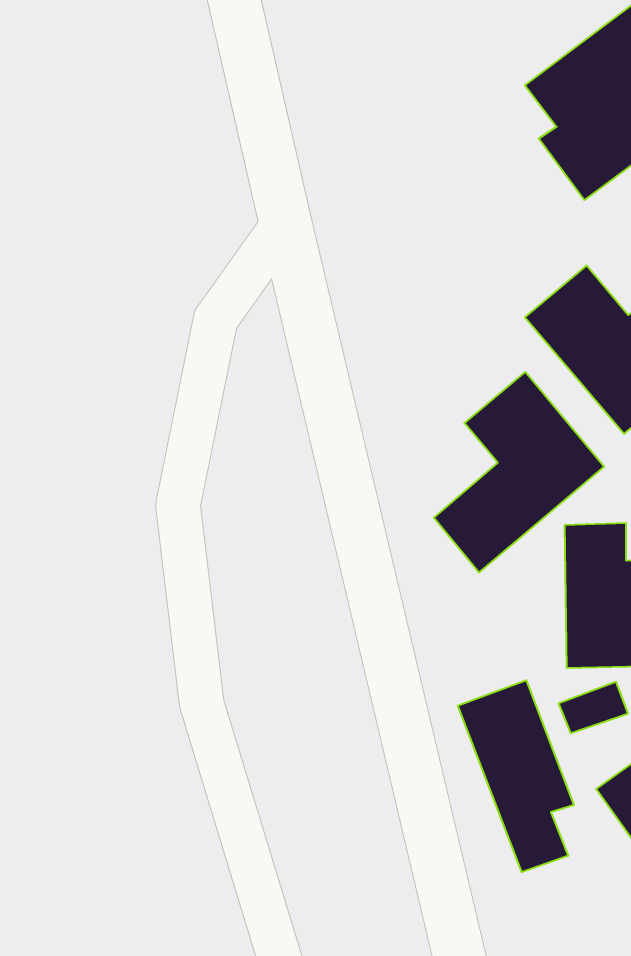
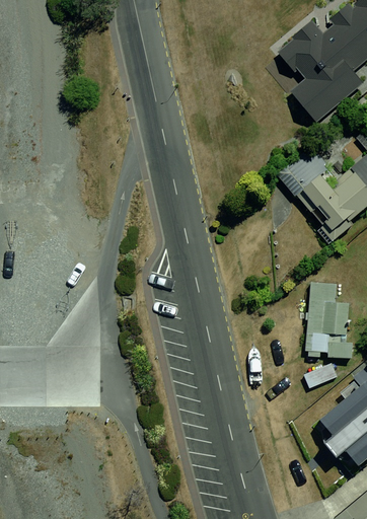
building: [434,372,604,573] -> none
building: [458,680,574,872] -> none

